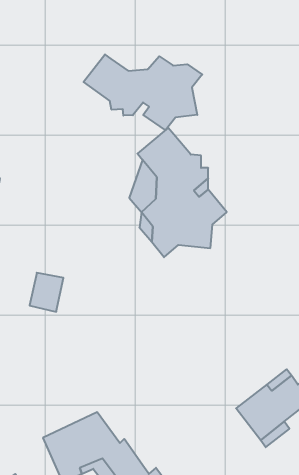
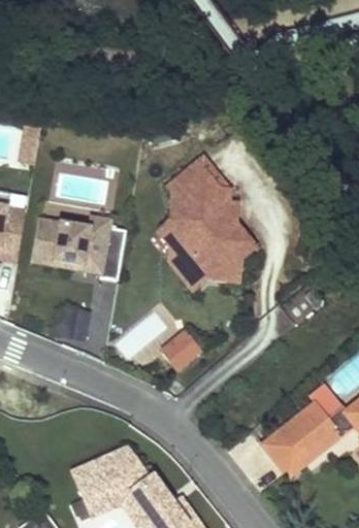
building: [84,54,202,130] -> none
building: none -> [33,217,128,282]
building: none -> [158,328,202,371]

